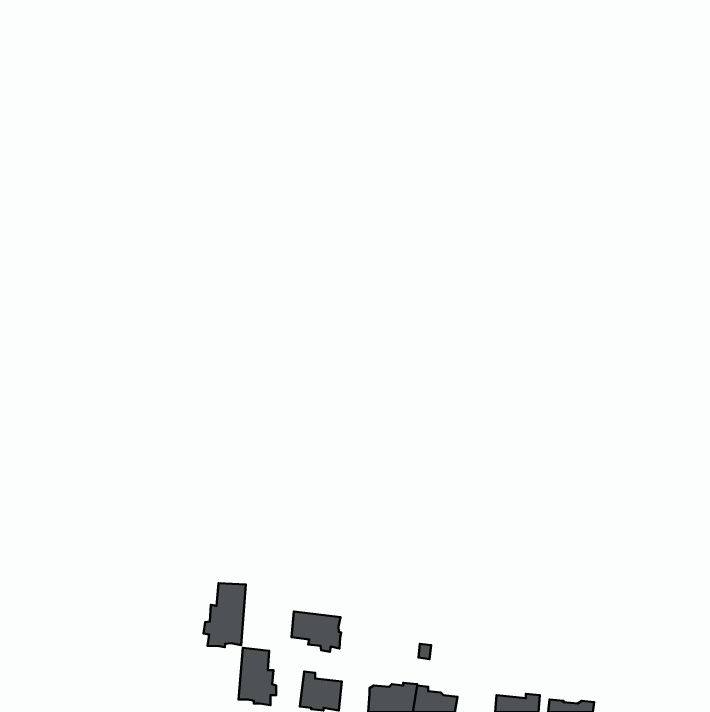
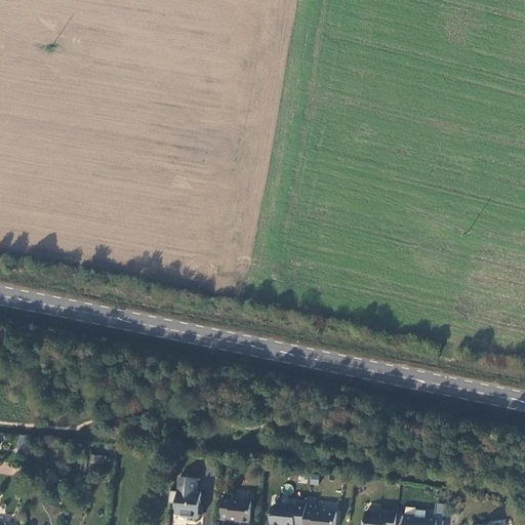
building: [204,583,246,647] -> none
building: [291,612,341,652] -> none

